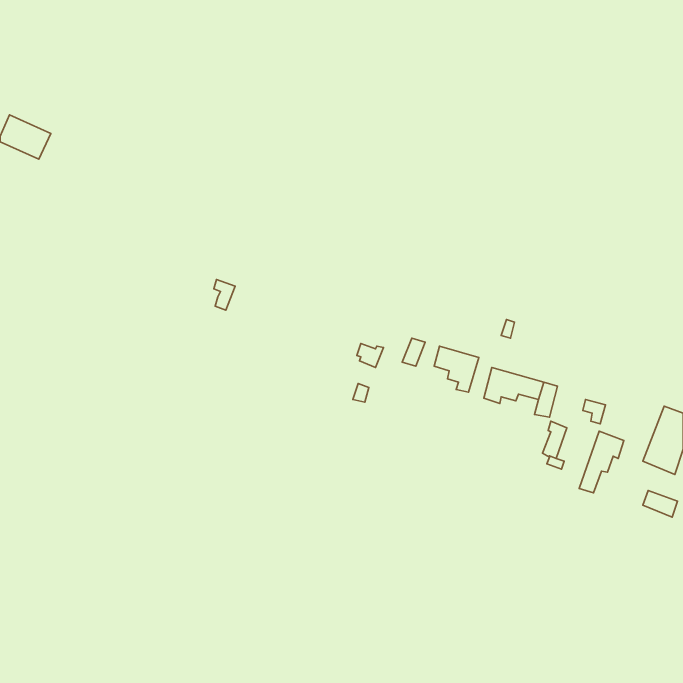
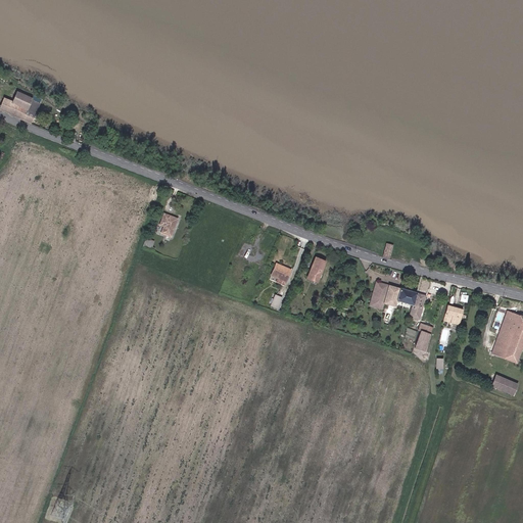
building: [434,346,479,392] -> none
building: [579,431,624,493] -> none

